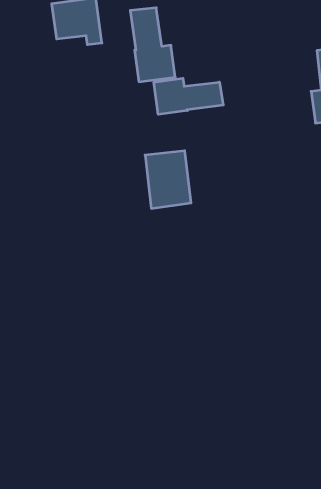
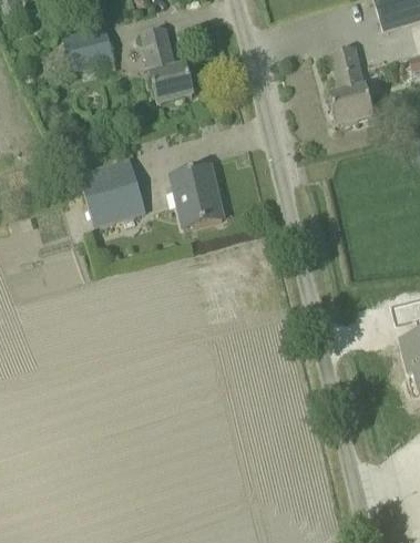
building: [154,78,223,114] -> none
building: none -> [79,157,145,224]

